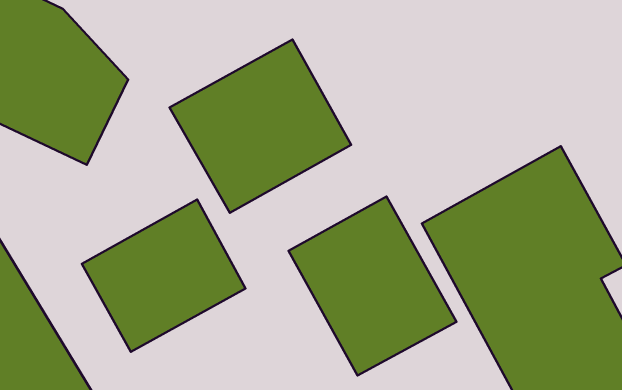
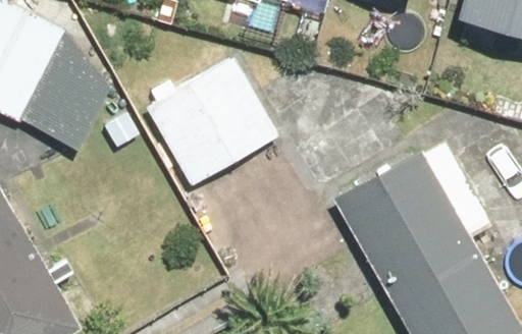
building: [289,196,457,376] -> none
building: [82,199,245,352] -> none

